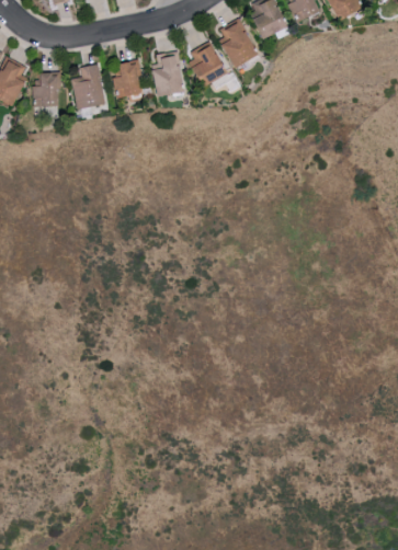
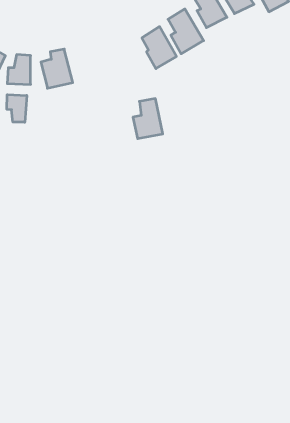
building: [152,49,187,96] -> [133,99,163,139]
building: [112,60,143,98] -> none
building: none -> [7,95,27,122]

